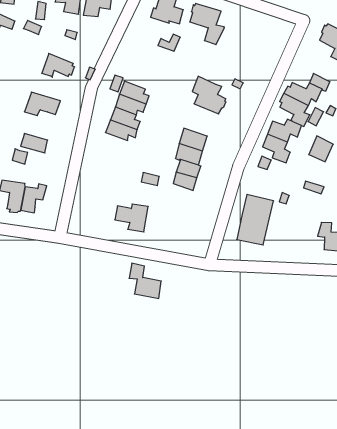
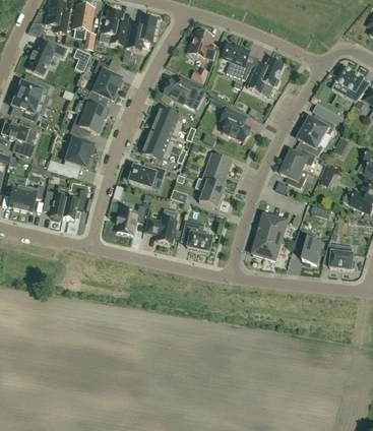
building: none -> [247,56,283,91]
building: none -> [94,60,123,88]
building: none -> [163,75,201,102]
building: none -> [77,95,108,121]
building: none -> [66,129,96,156]
building: none -> [128,164,166,187]
building: none -> [116,203,146,234]
building: none -> [301,232,322,264]
building: [129,263,161,298] -> [183,219,211,251]

